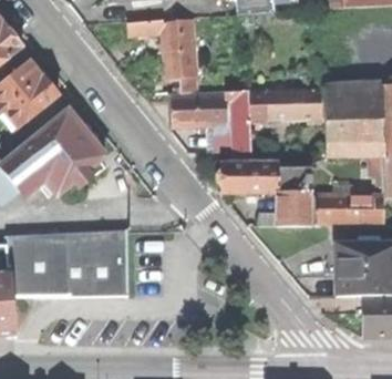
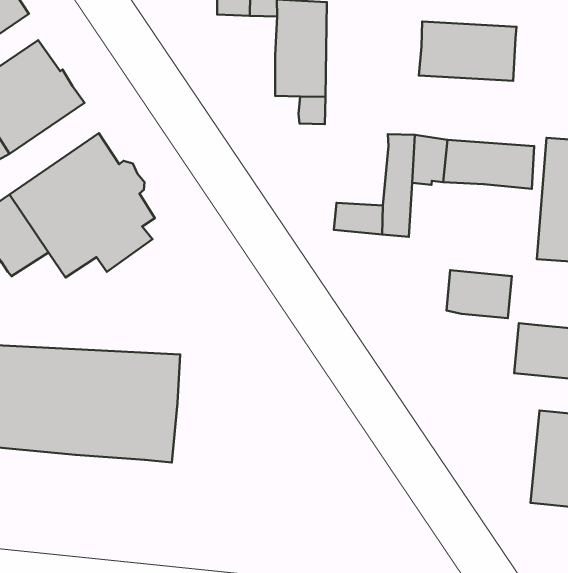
building: [172,93,227,126] -> [419,21,517,81]
building: [223,162,277,191] -> none
building: [260,192,312,226] -> none

